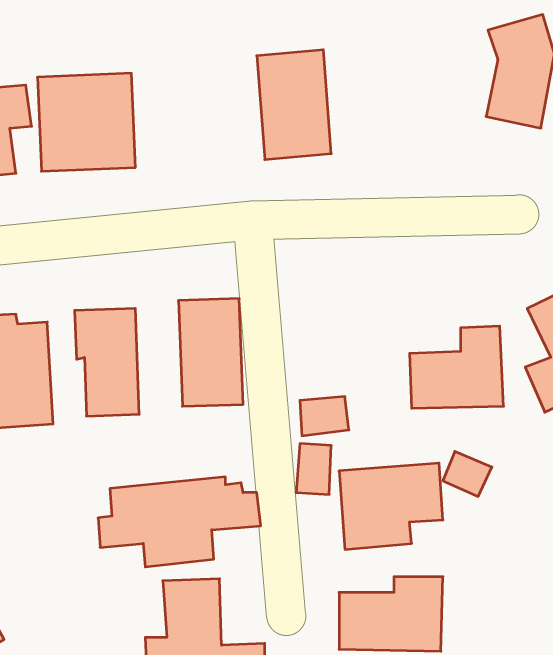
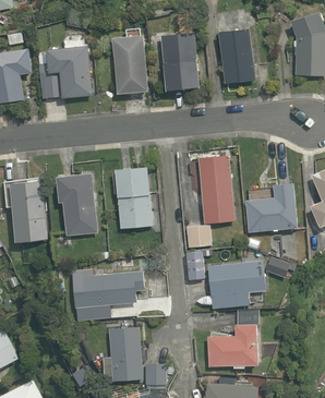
building: none -> [218,28,253,85]
building: none -> [112,35,149,94]
building: none -> [196,154,233,222]

